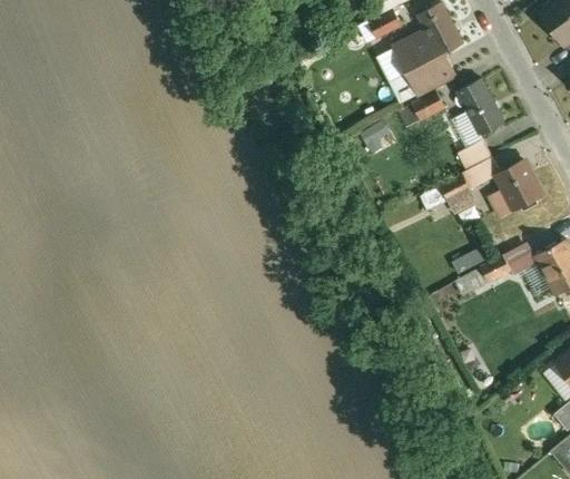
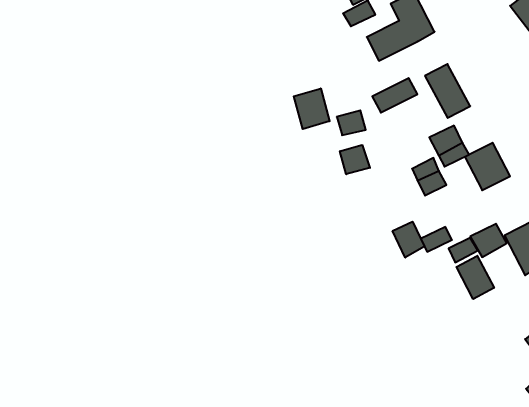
building: [406,55,458,97] -> none
building: none -> [294,88,330,129]
building: none -> [340,145,370,174]
building: none -> [393,222,424,258]
building: none -> [456,256,494,299]

